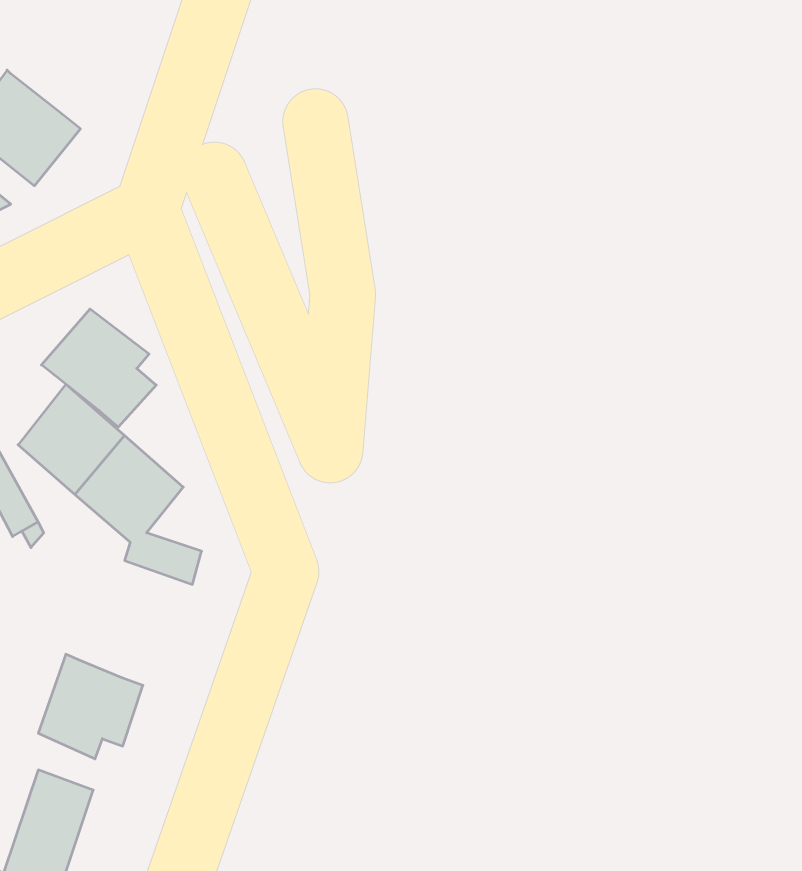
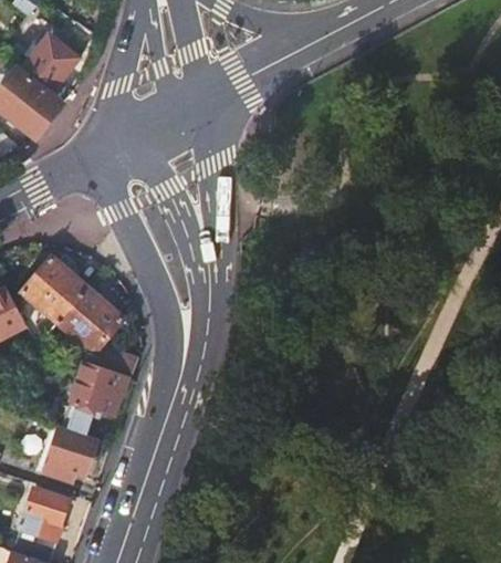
building: none -> [19,32,77,94]
building: [41,309,156,427] -> none
building: none -> [52,361,128,434]

